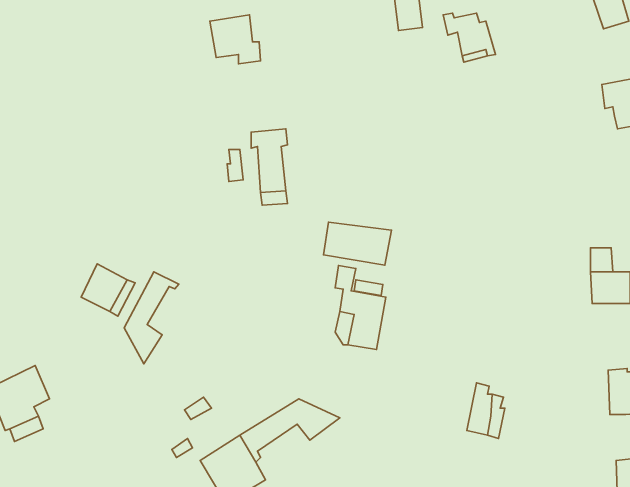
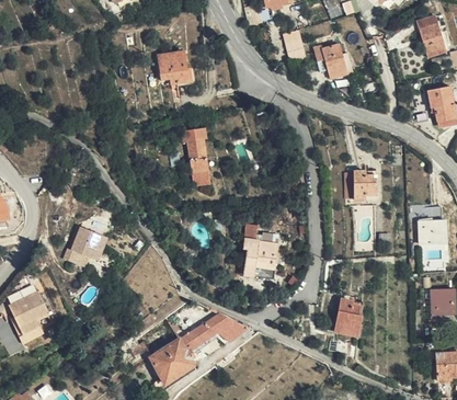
building: none -> [357,175,378,205]
building: [324,222,391,265] -> none
building: [124,272,179,364] -> none

